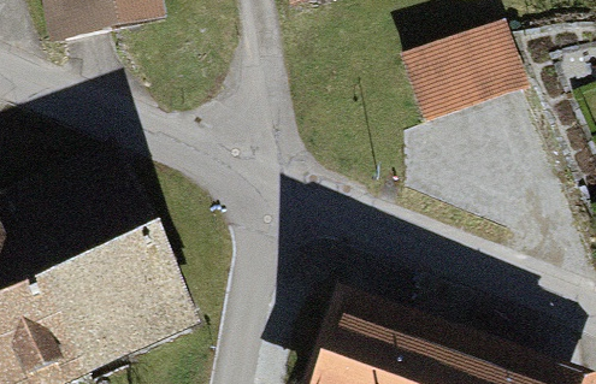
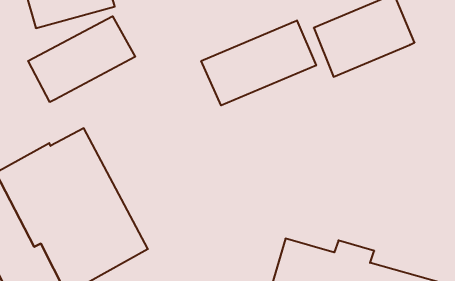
building: none -> [28,16,135,102]
building: none -> [201,20,316,105]

